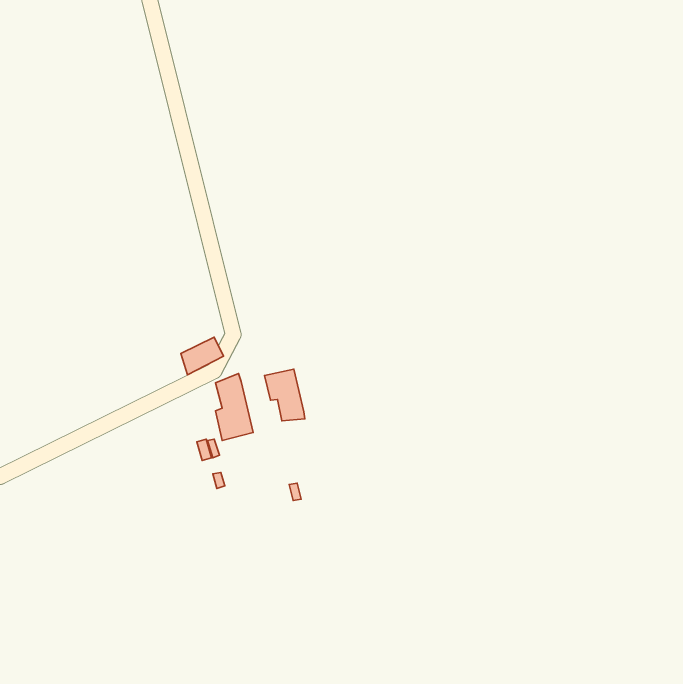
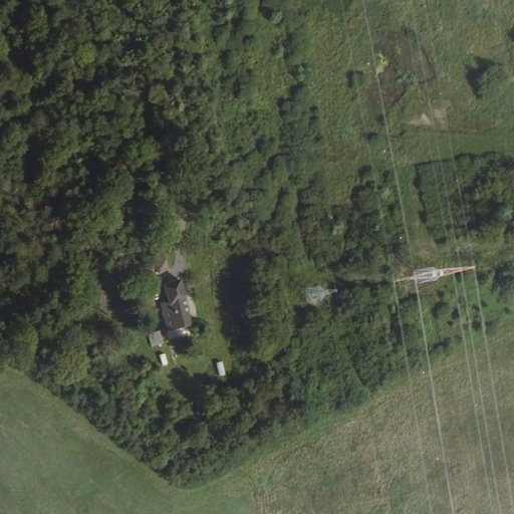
building: [265,369,305,421] -> none

